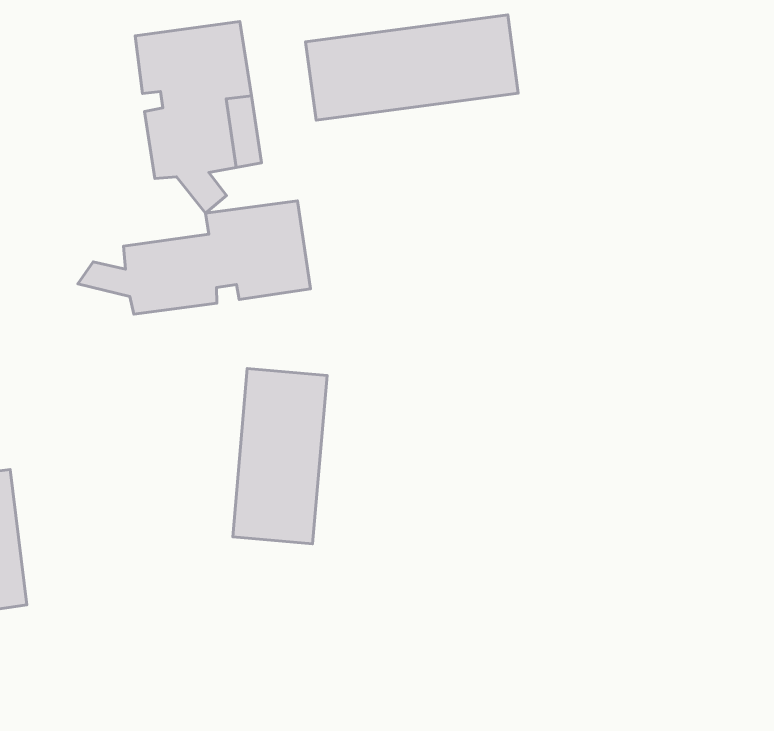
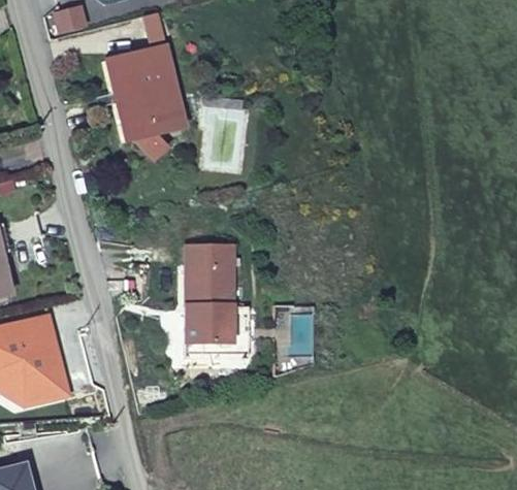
building: [305,15,518,120] -> none
building: [78,201,311,314] -> none

